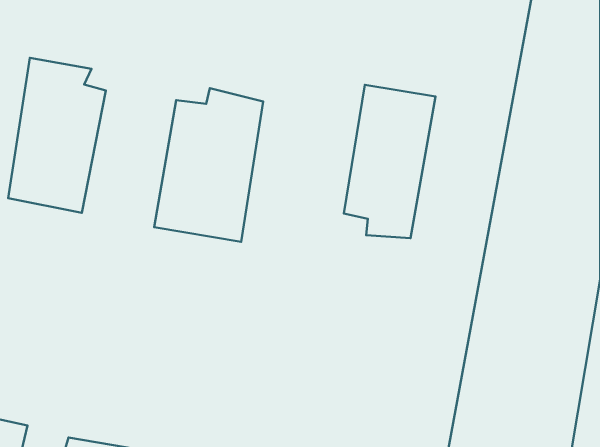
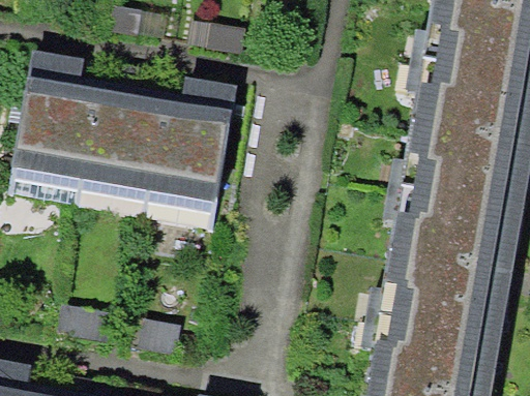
building: [344,85,435,238] -> none
building: none -> [71,88,152,205]

